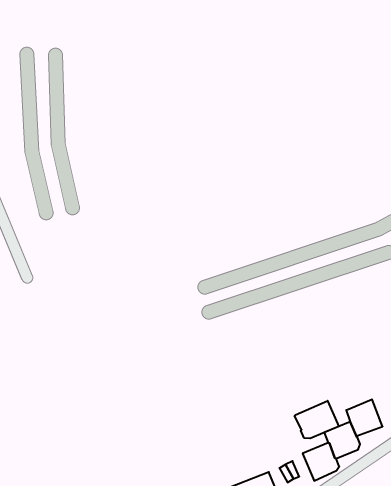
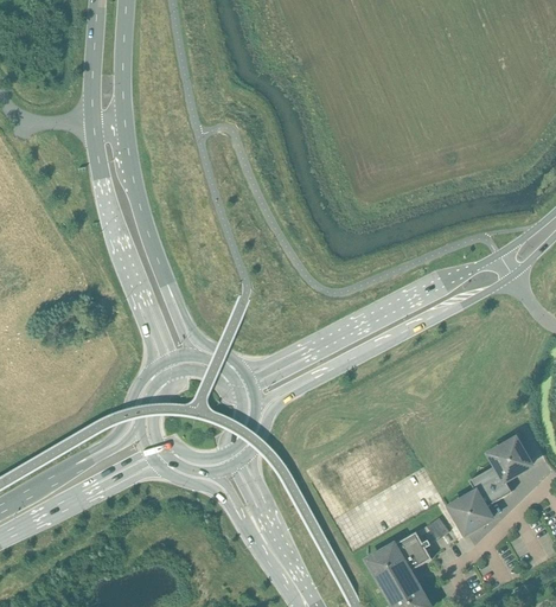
building: [295,401,339,438] -> none

